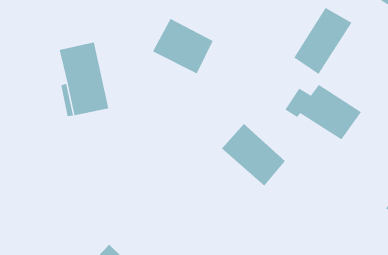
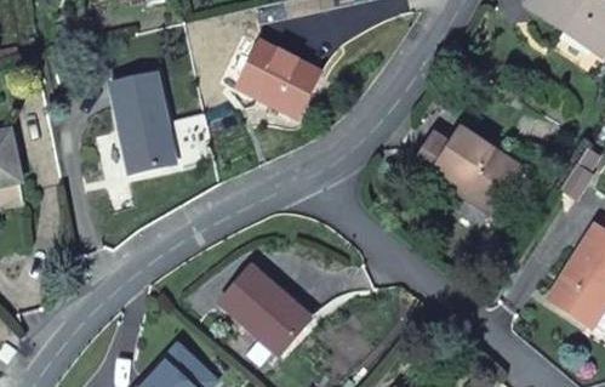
building: [293,7,352,75] -> none
building: [221,123,286,186] -> [221,266,308,351]

